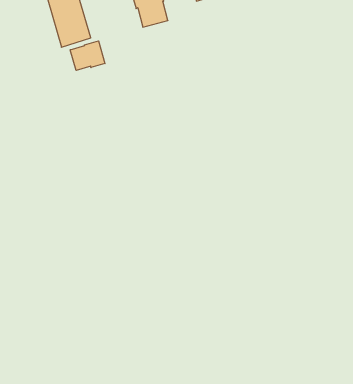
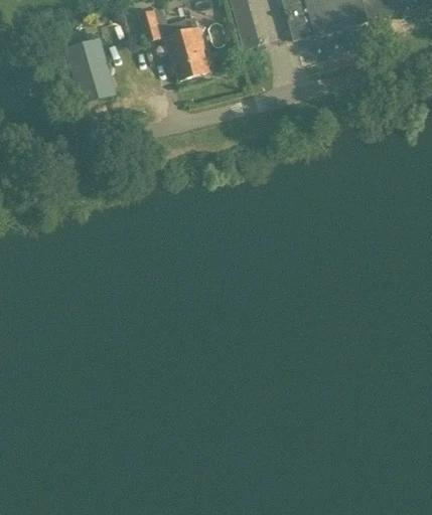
building: [70,41,105,70] -> none

